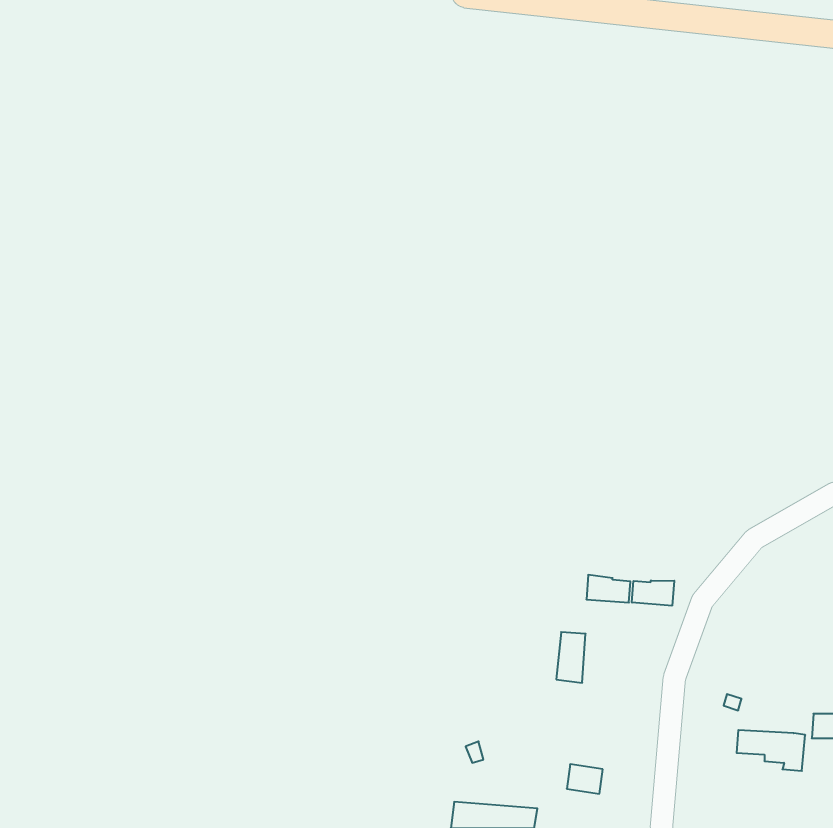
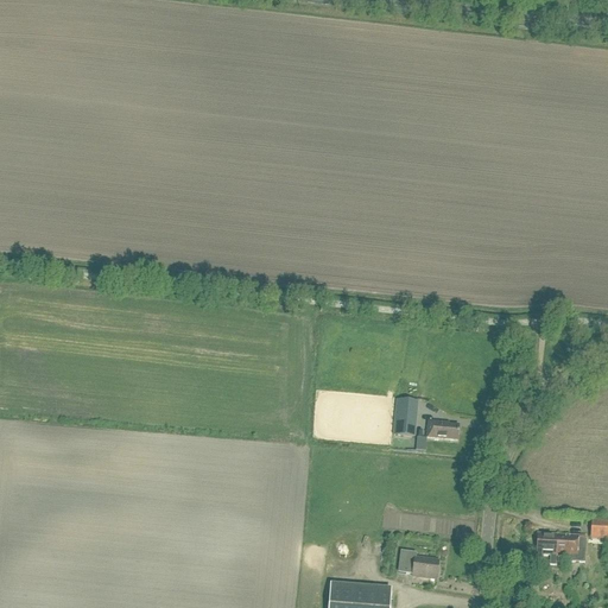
building: [632,580,674,606] -> none
building: [556,632,586,683] -> [394,398,416,435]

